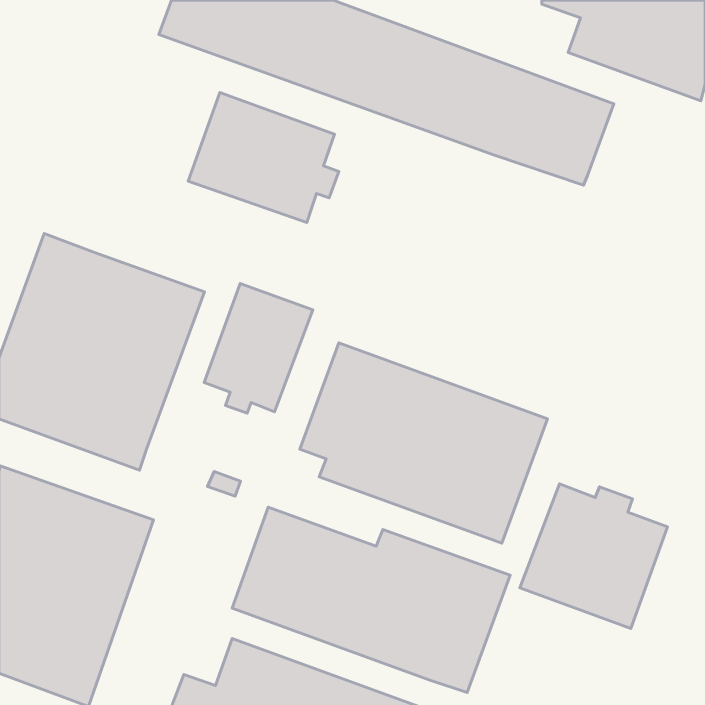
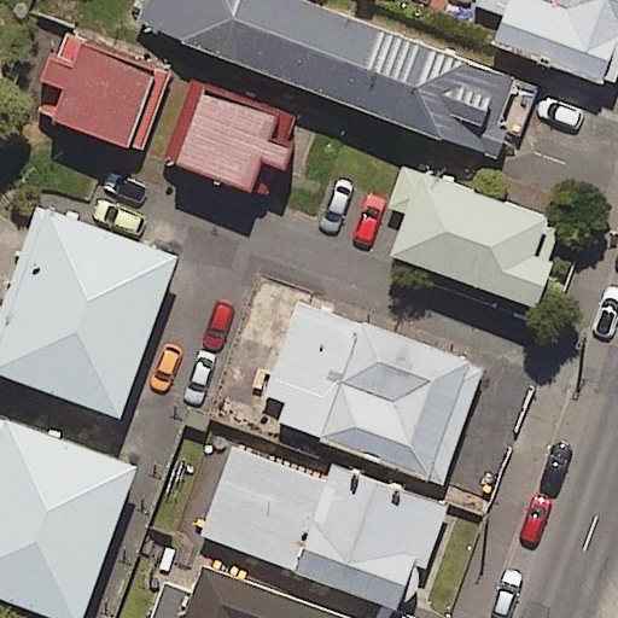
building: none -> [35,35,171,152]
building: none -> [389,170,562,307]
building: [204,283,313,413] -> none
building: [520,484,667,628] -> none

